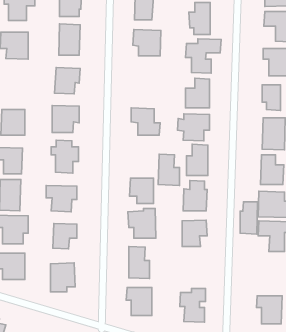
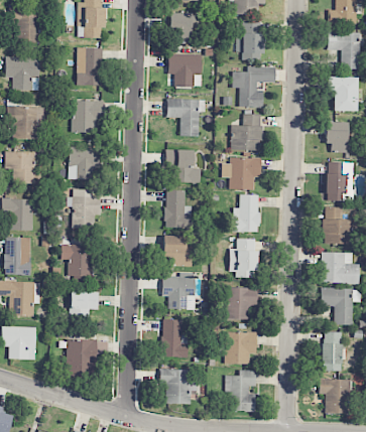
building: none -> [10,97,45,138]
building: none -> [166,98,205,135]
building: [158,154,180,185] -> [165,189,192,228]
building: [240,202,258,234] -> [321,331,342,371]
building: none -> [225,331,256,364]

